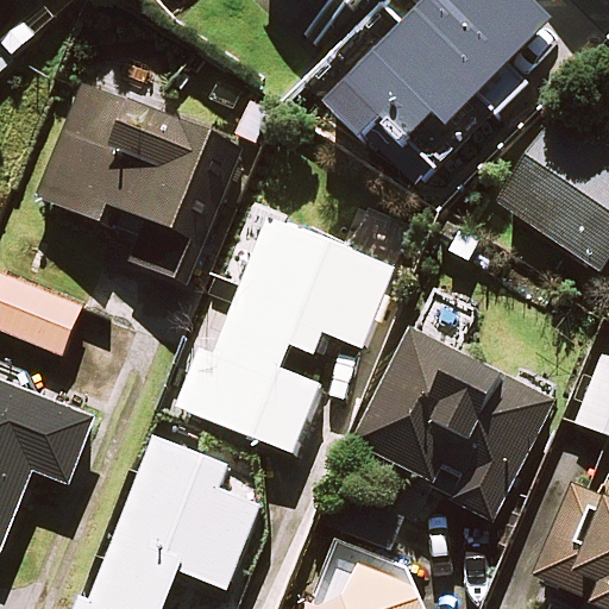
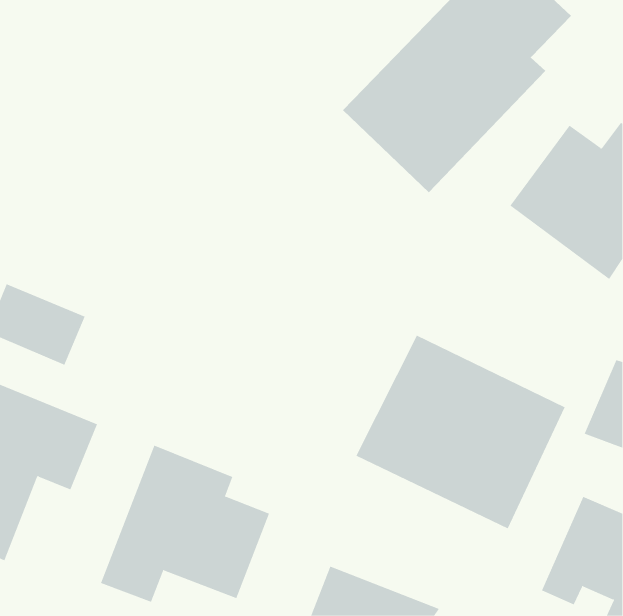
building: [39,83,241,283] -> none
building: [177,213,397,446] -> none

